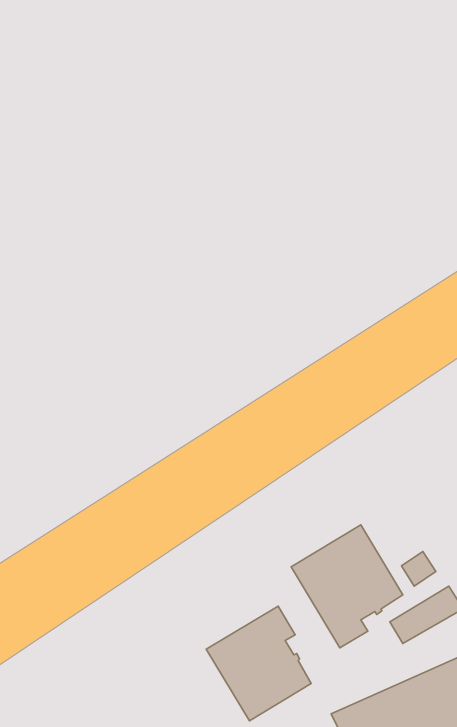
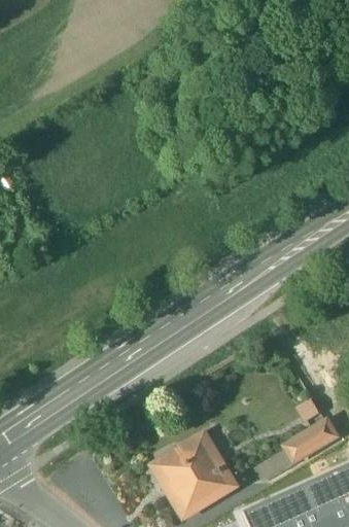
building: [291,525,403,648] -> none

